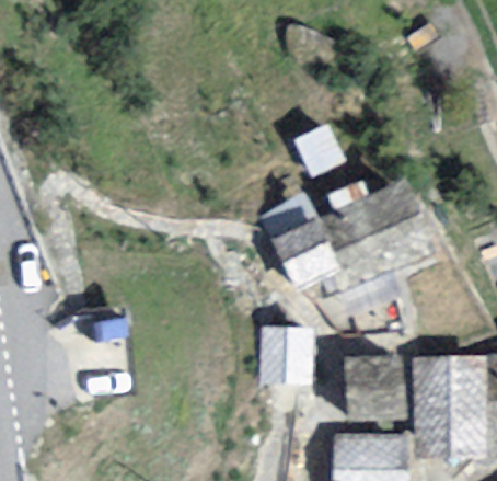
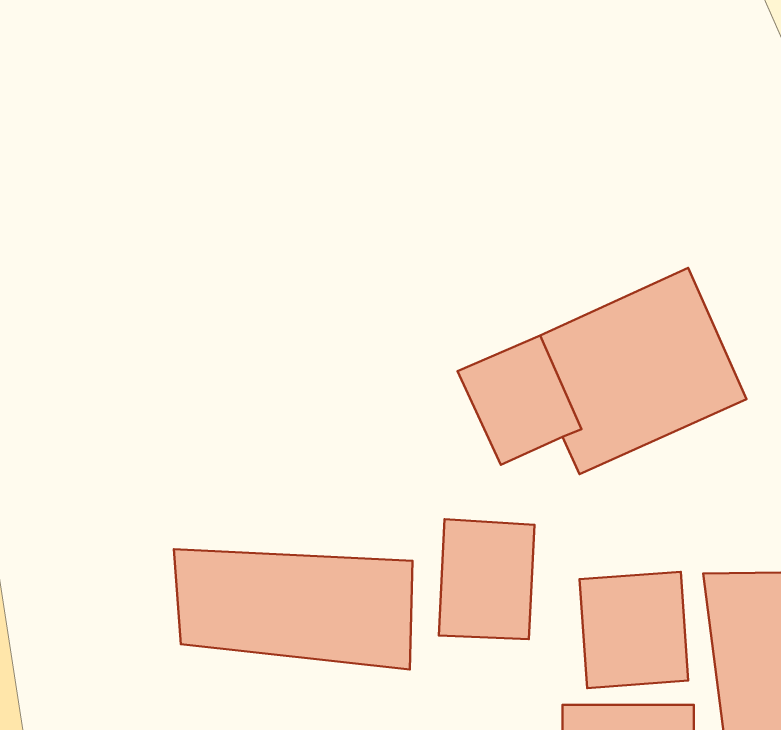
building: none -> [174,549,412,669]

